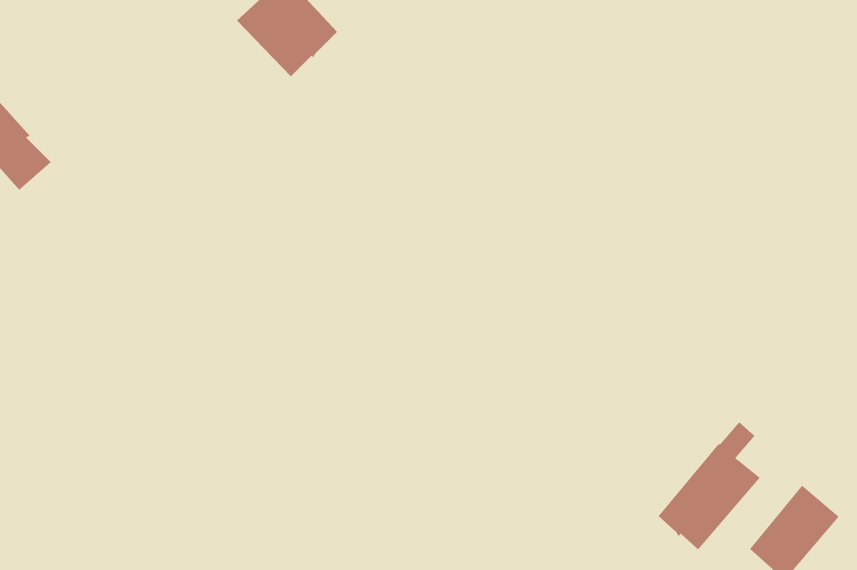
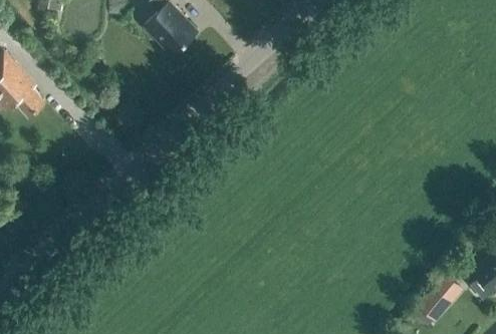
building: [658,421,760,550] -> none

